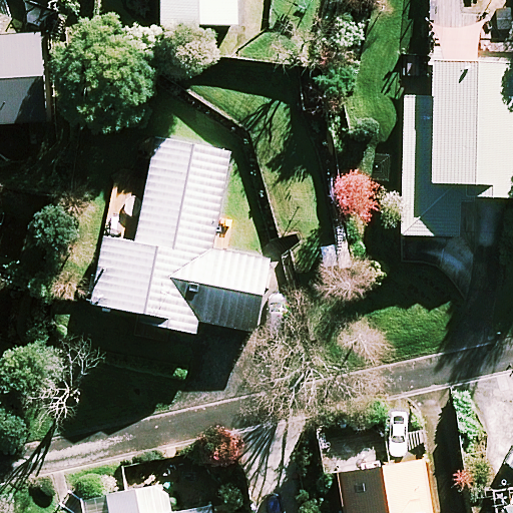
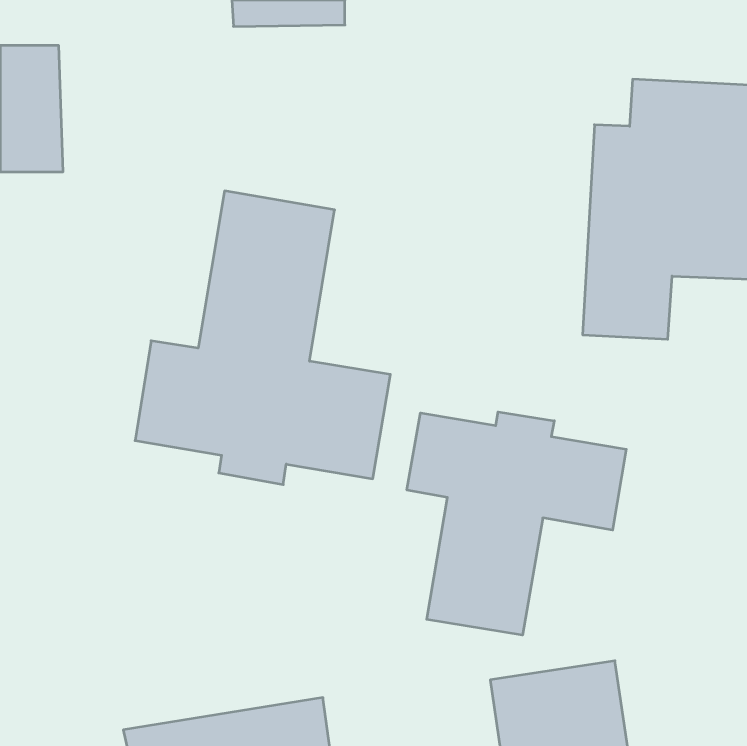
building: none -> [407,412,626,635]

